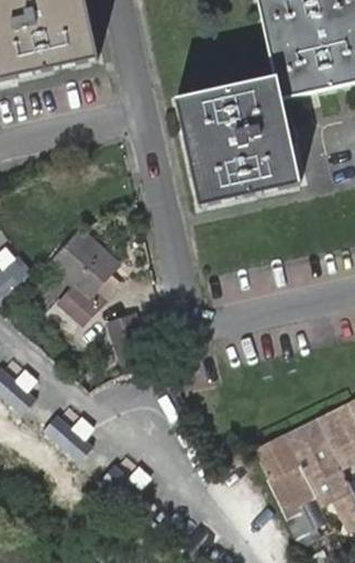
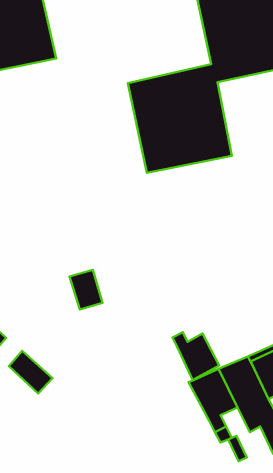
building: [52,227,121,322] -> none
building: none -> [172,332,219,380]

